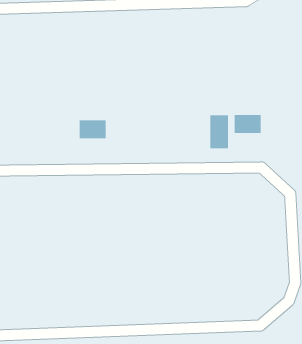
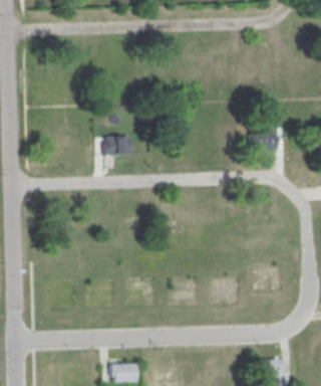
building: [210,115,229,149] -> none

